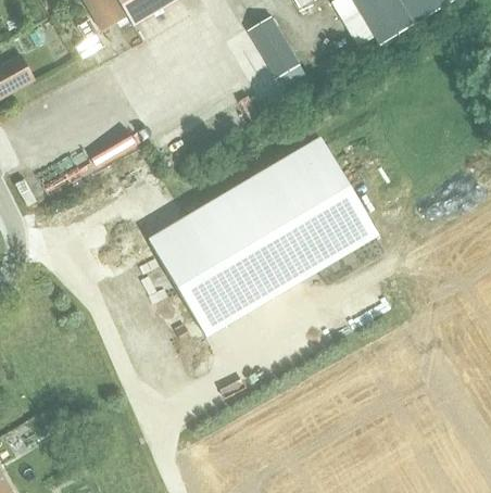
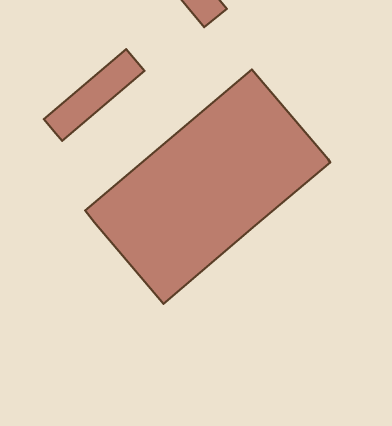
building: none -> [44,49,145,141]

